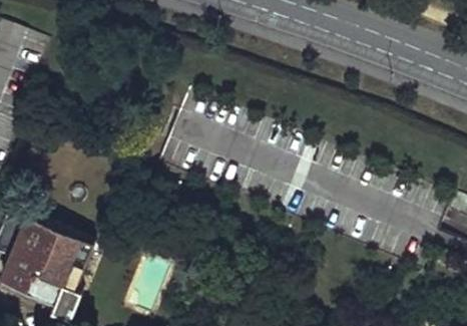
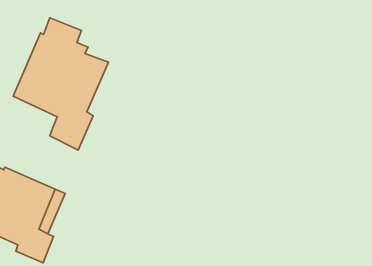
building: none -> [13,18,108,150]

